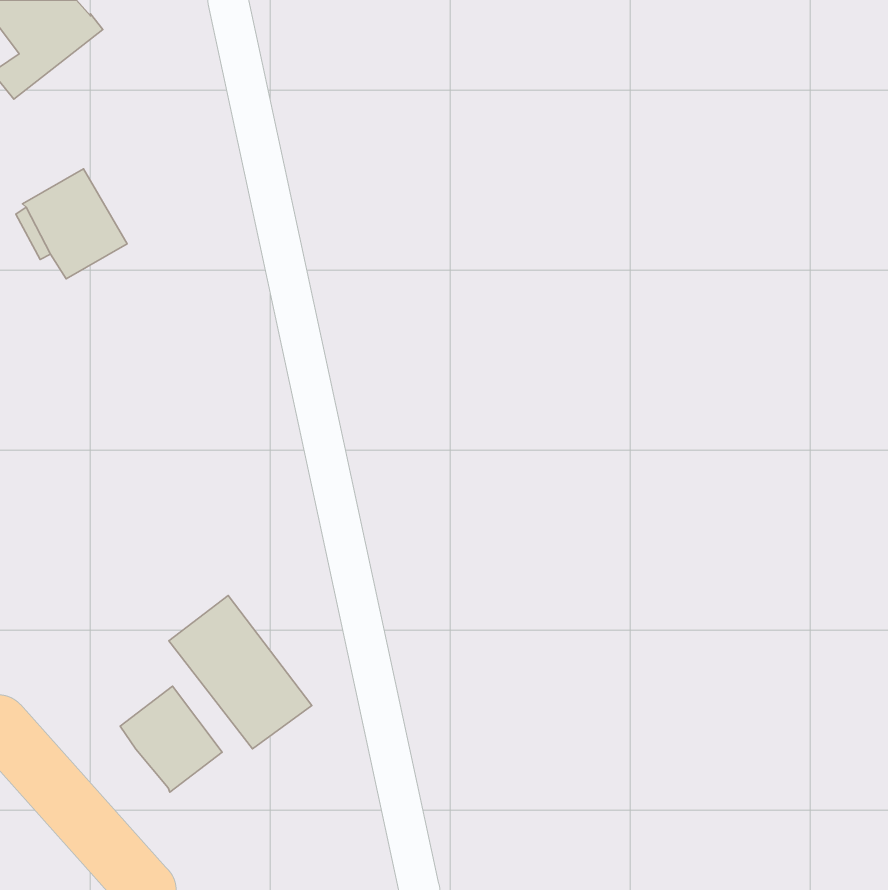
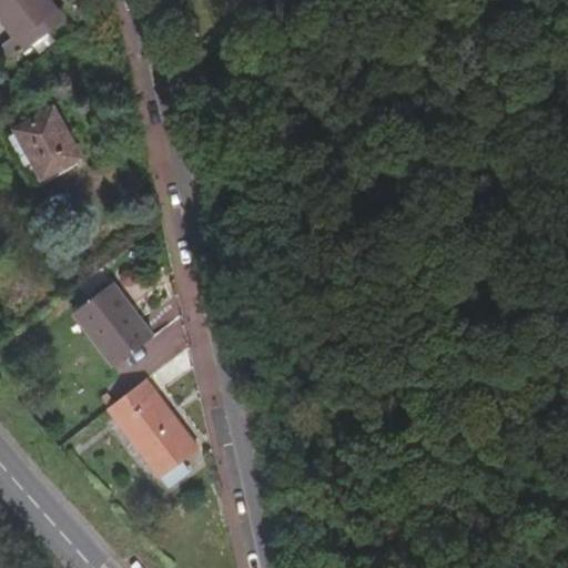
building: none -> [73,283,153,366]
building: [120,686,222,792] -> none

